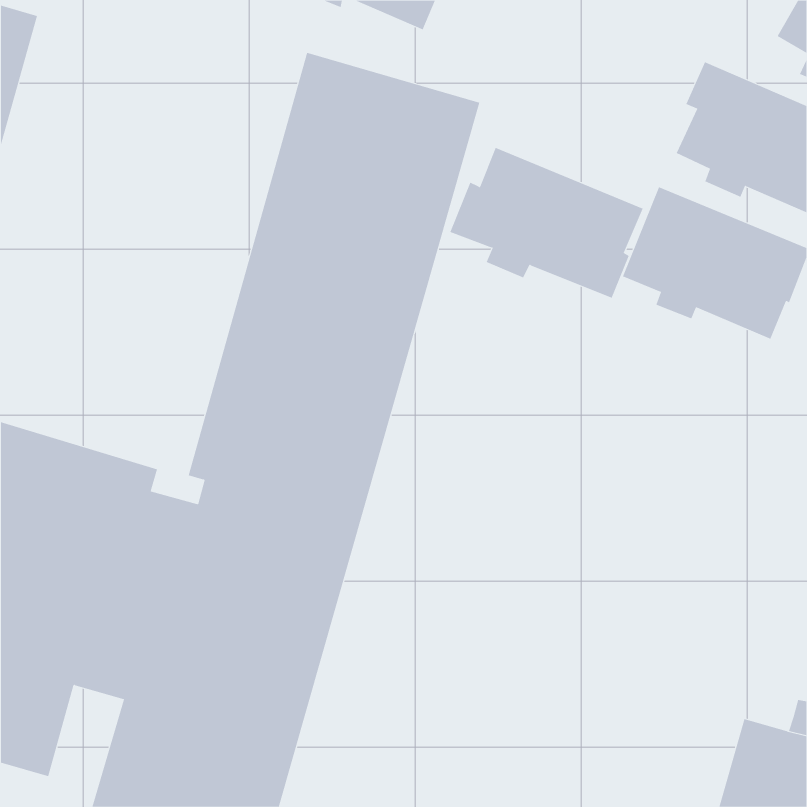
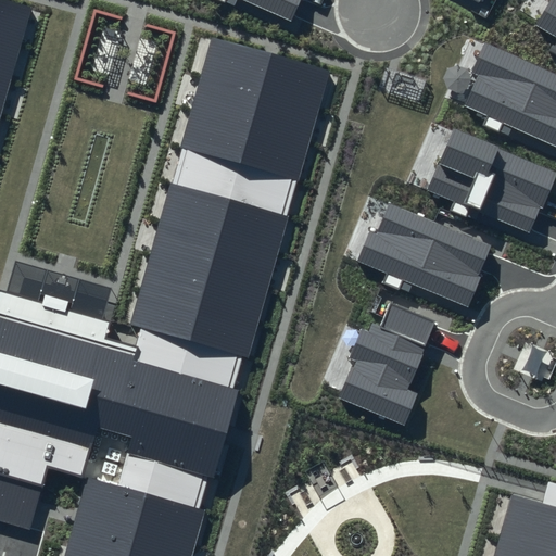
building: [449,147,644,299] -> [357,203,491,307]
building: none -> [340,305,441,434]

